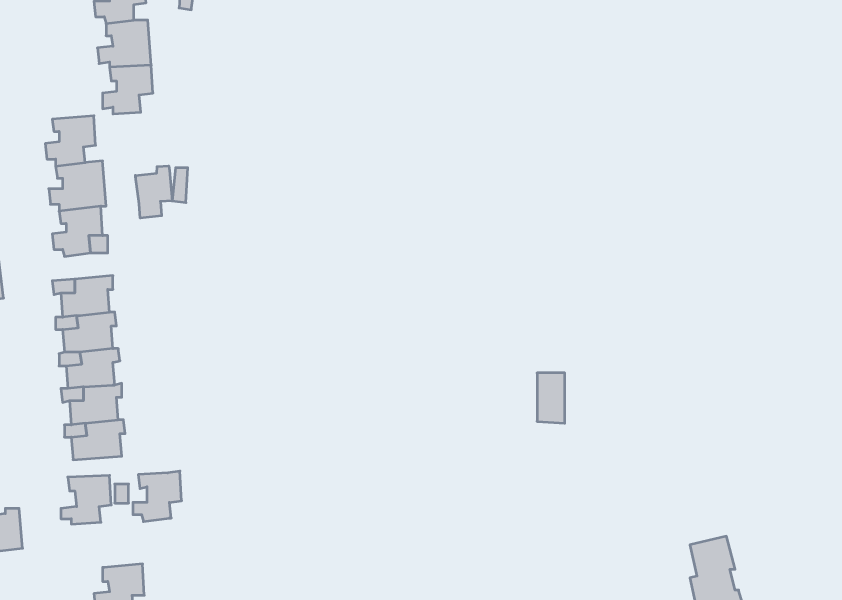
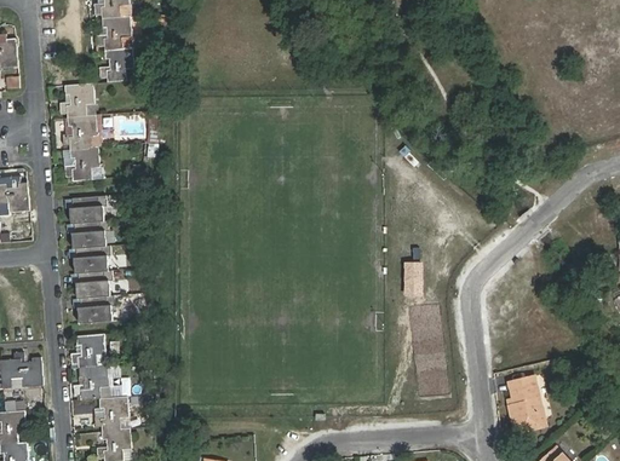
building: [135,166,172,218] -> none
building: [133,471,182,522] -> [74,365,108,401]

